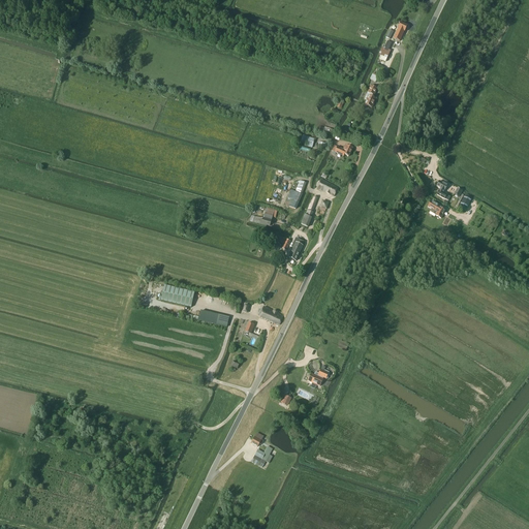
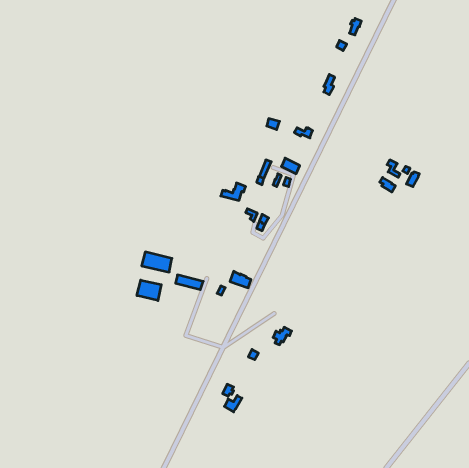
building: none -> [137,280,161,301]

